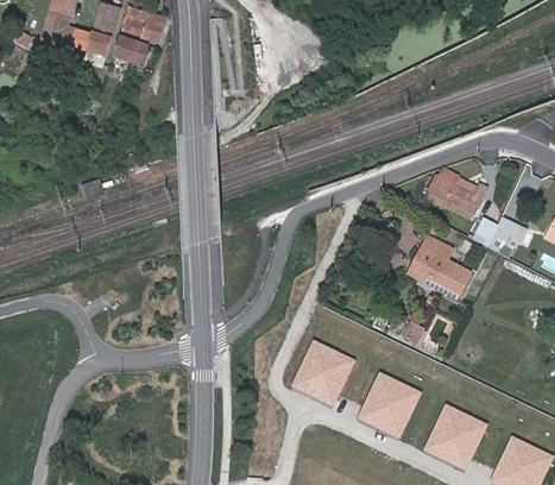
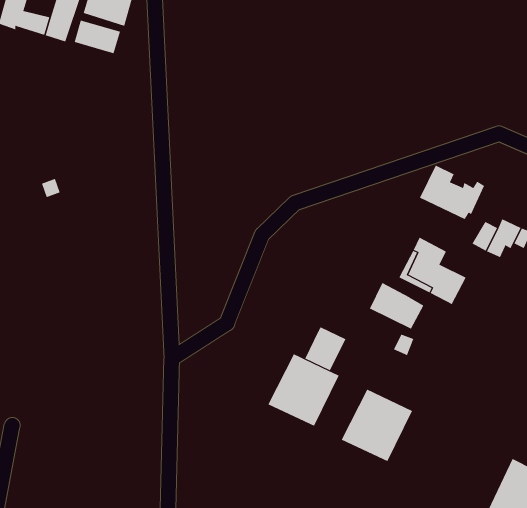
building: none -> [369,282,424,330]
building: none -> [305,327,346,371]
building: [422,403,487,470] -> none

